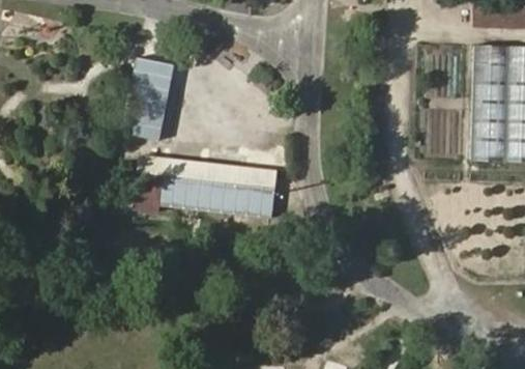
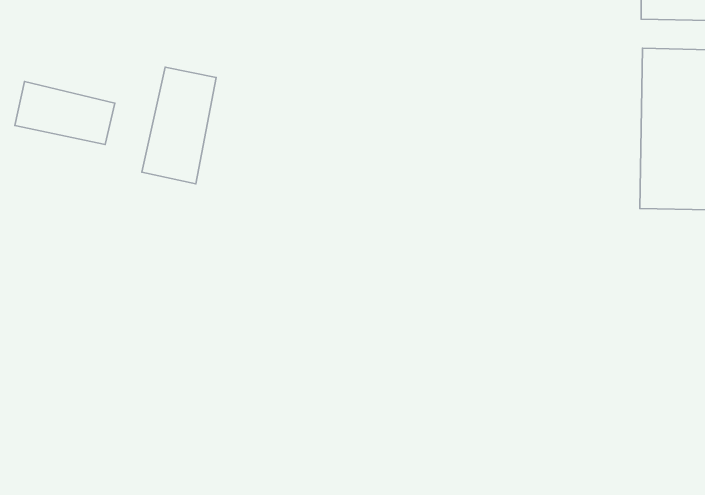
building: none -> [15,81,115,144]
building: [133,150,281,218] -> none

